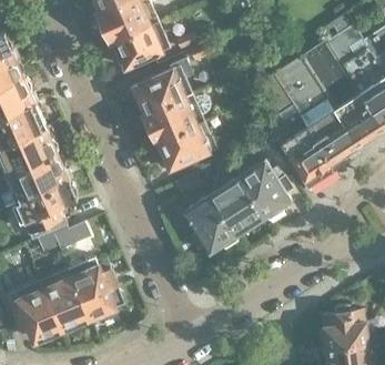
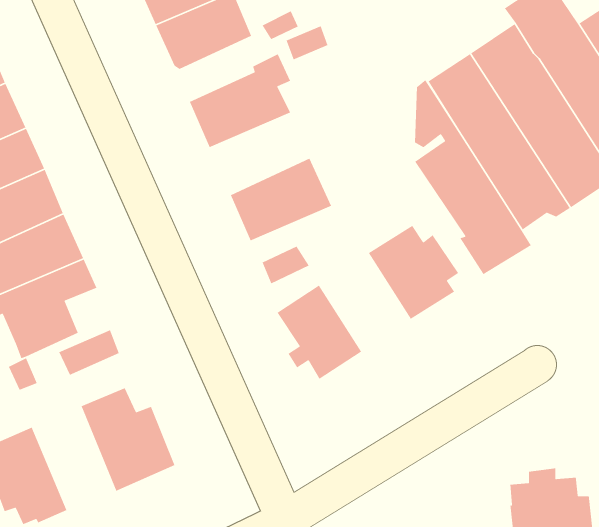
building: [141,95,210,144] -> none
building: [209,179,263,237] -> none
building: [38,270,88,332] -> none

